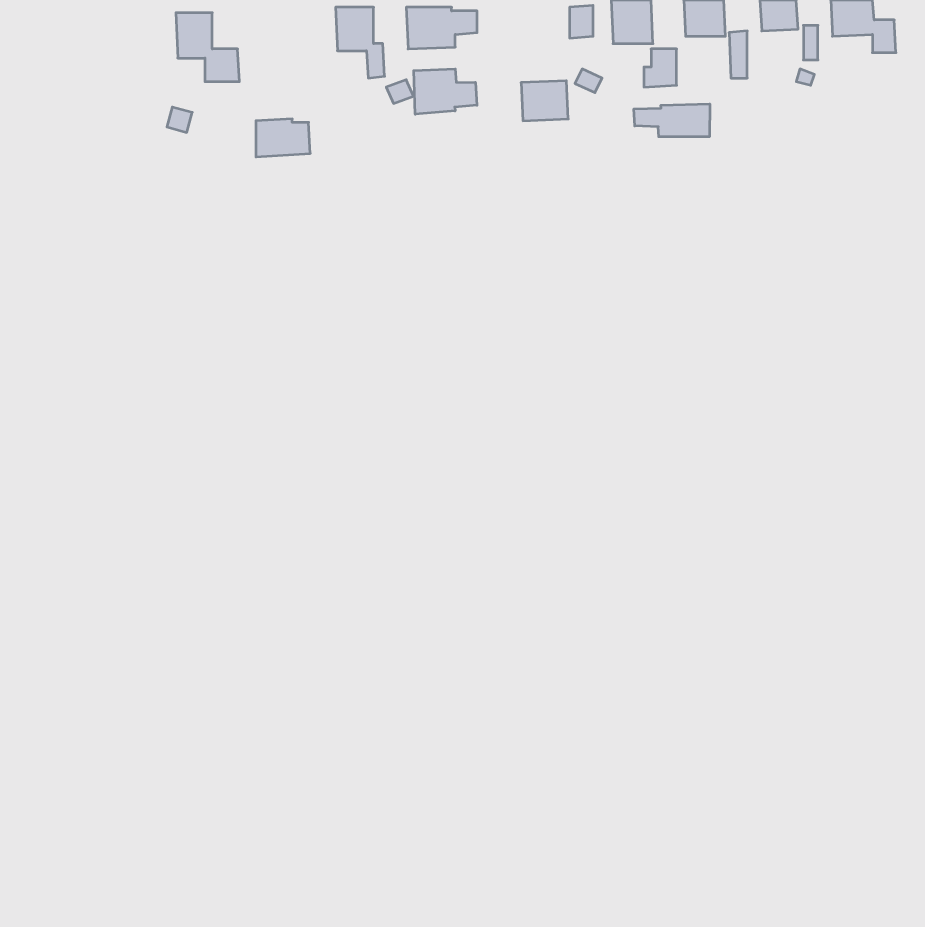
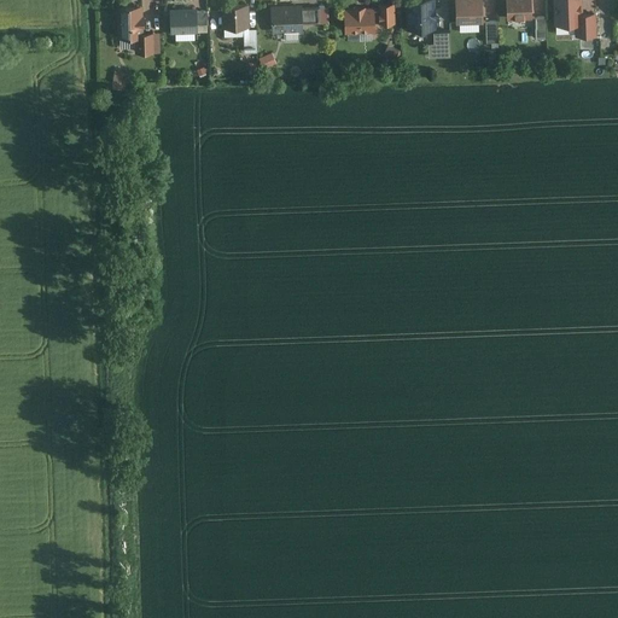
building: [414,69,477,114] -> none
building: [521,81,568,121] -> [345,7,377,34]
building: [634,104,710,137] -> none
building: [256,119,310,157] -> [171,8,208,34]

